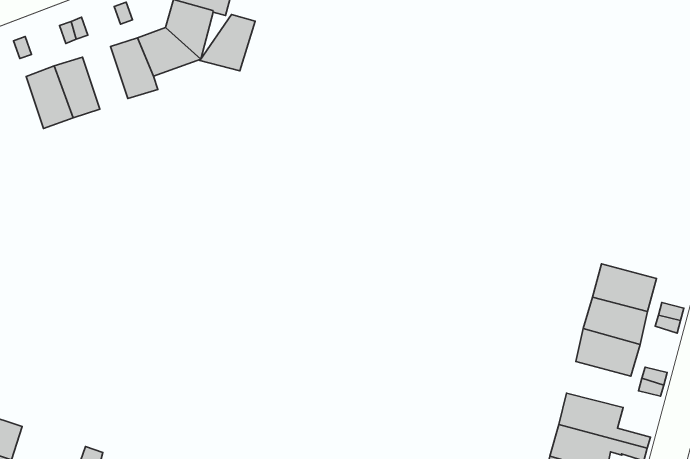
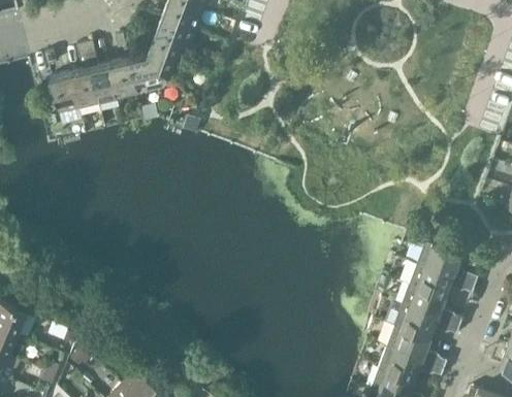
building: [200,14,255,71] -> none
building: none -> [91,63,119,104]
building: none -> [394,305,439,339]

